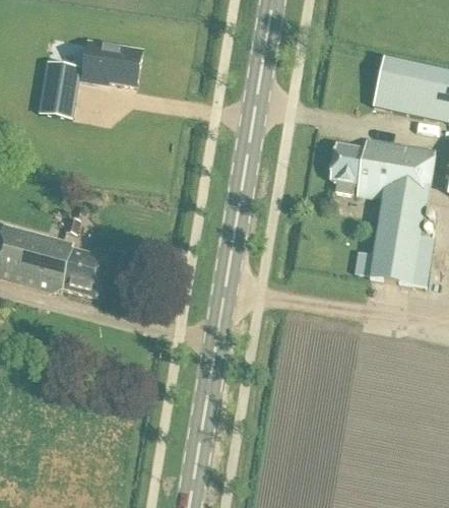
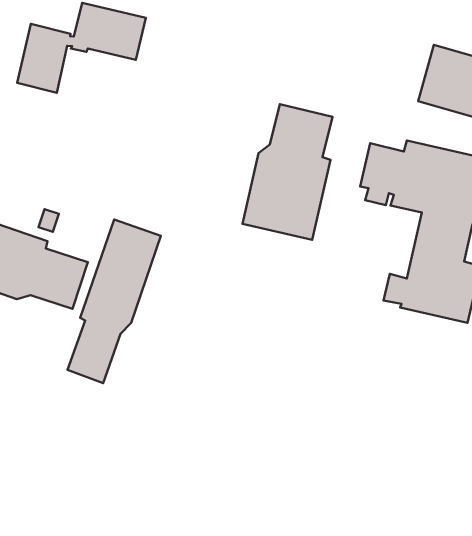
building: none -> [243,104,333,240]
building: none -> [68,220,161,383]

